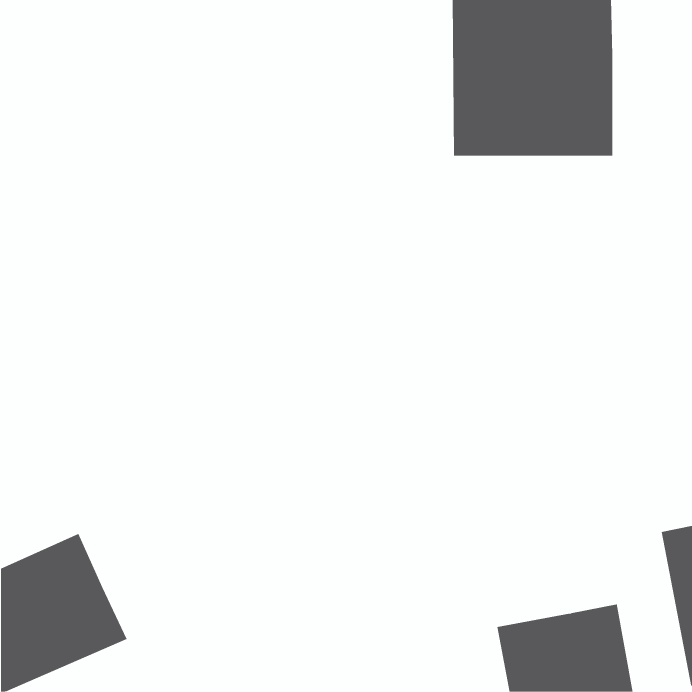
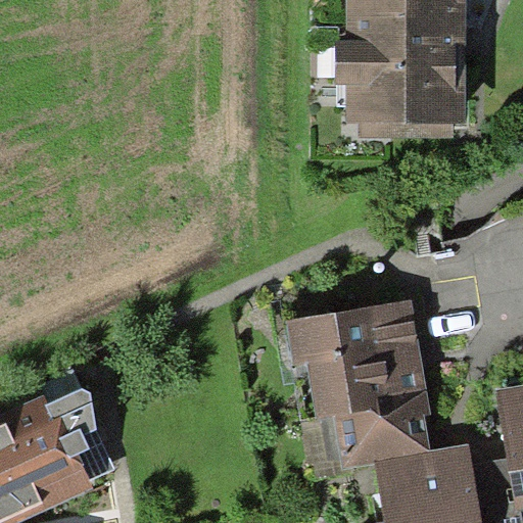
building: none -> [291,311,434,469]

